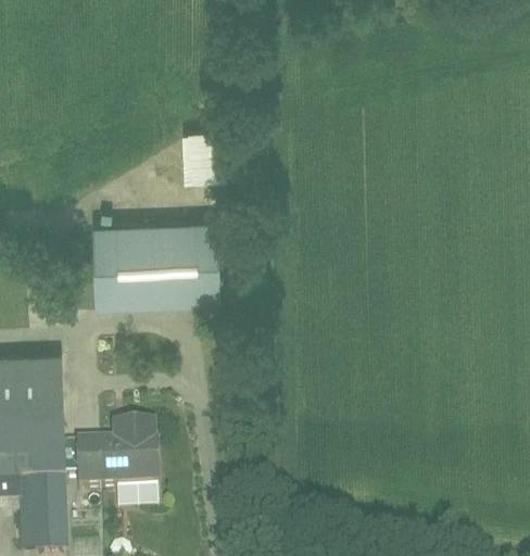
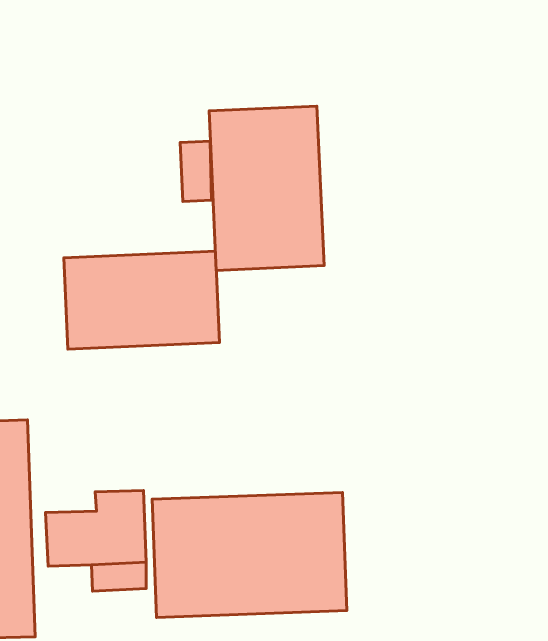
building: none -> [209,106,324,270]
building: none -> [152,492,347,618]

